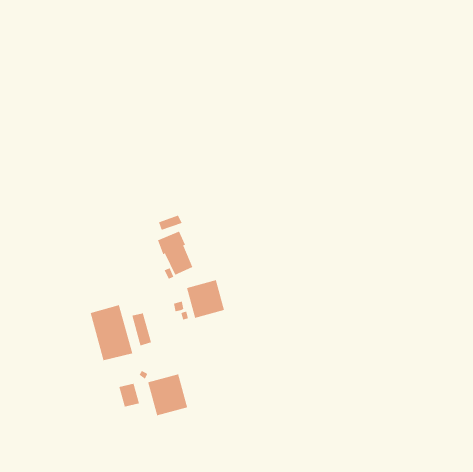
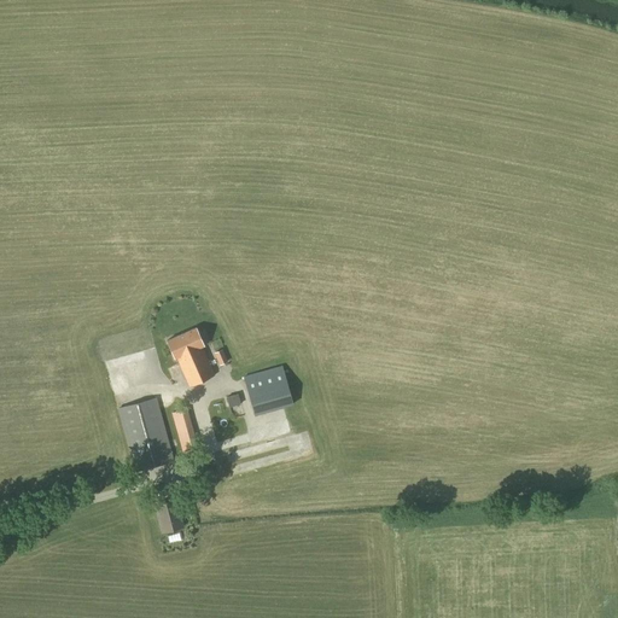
building: [157,231,193,275] -> [167,327,214,385]
building: [147,374,188,416] -> none

